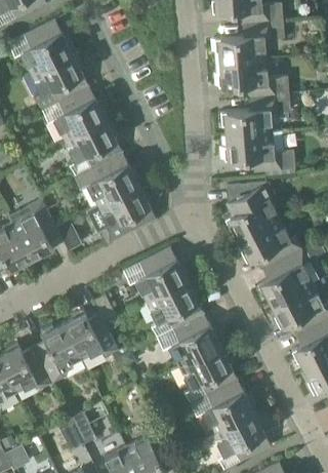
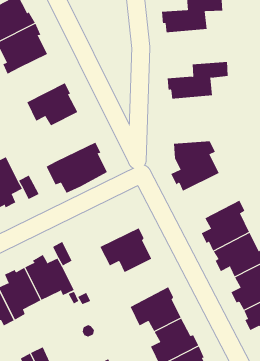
building: [216,58,287,97] -> none
building: [52,86,107,140] -> none
building: [222,131,293,171] -> none
building: [76,151,140,205] -> none
building: [237,219,300,269] -> none
building: [134,247,189,301] -> none
building: [156,314,221,367] -> none

